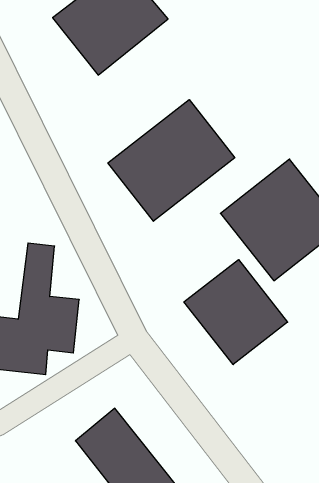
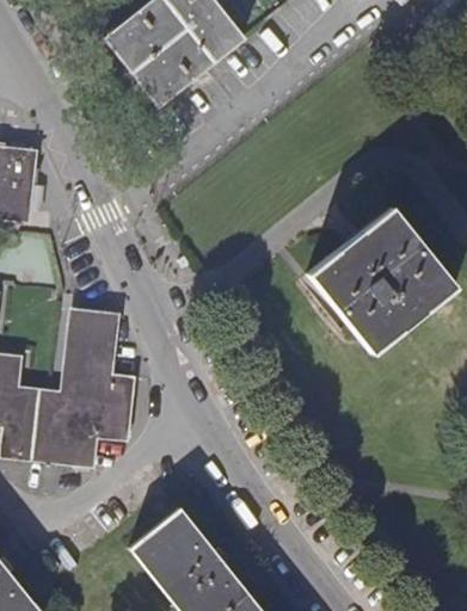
building: [108,100,235,221] -> none
building: [184,260,288,365] -> none

